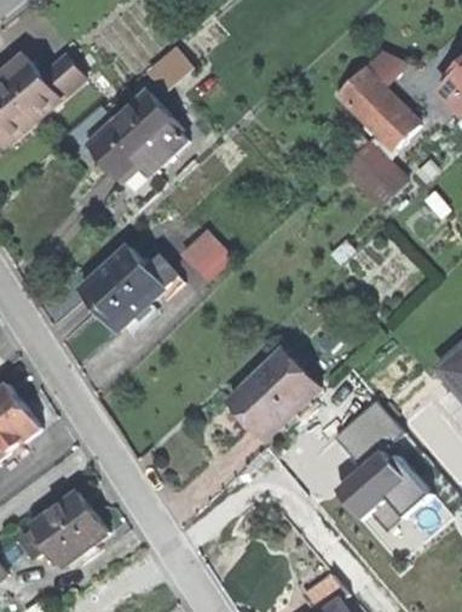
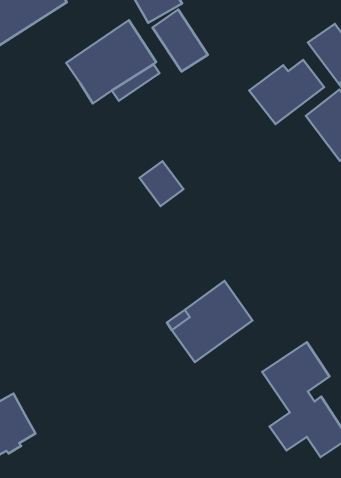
building: none -> [153,9,208,71]
building: none -> [249,60,324,124]
building: [80,247,180,329] -> none

